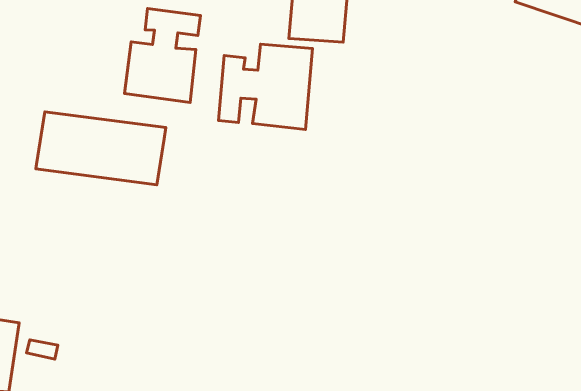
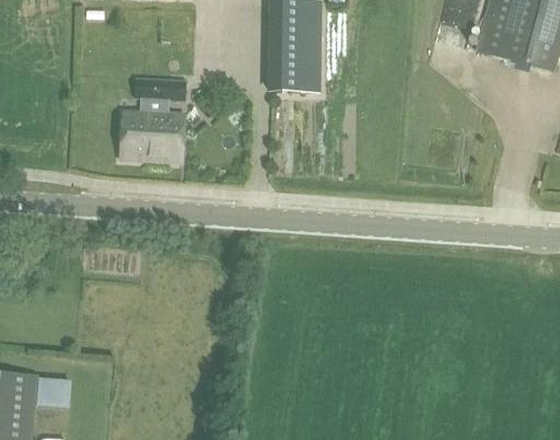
building: [218,44,312,130] -> none
building: [36,112,166,185] -> none

